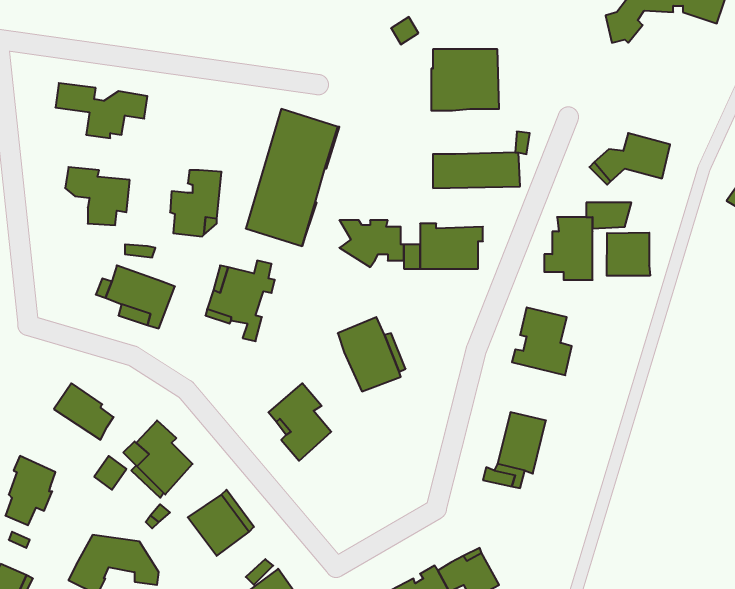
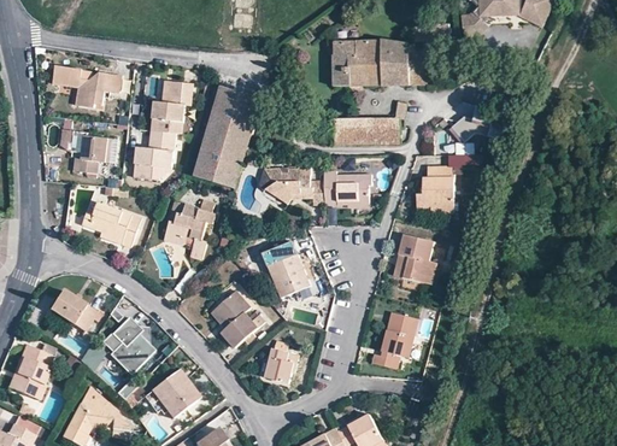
building: none -> [382,40,423,84]
building: none -> [153,80,193,133]
building: [607,233,650,276] -> none
building: none -> [265,347,299,382]

